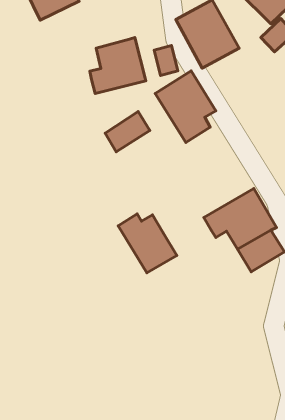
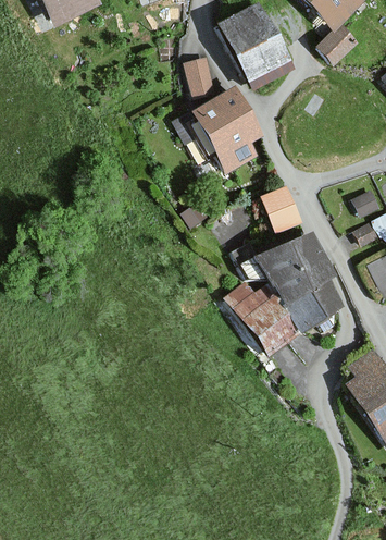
building: [90,38,146,94] -> none
building: [105,112,150,152] -> none
building: none -> [263,187,302,231]
building: [118,214,177,273] -> [234,280,304,351]

